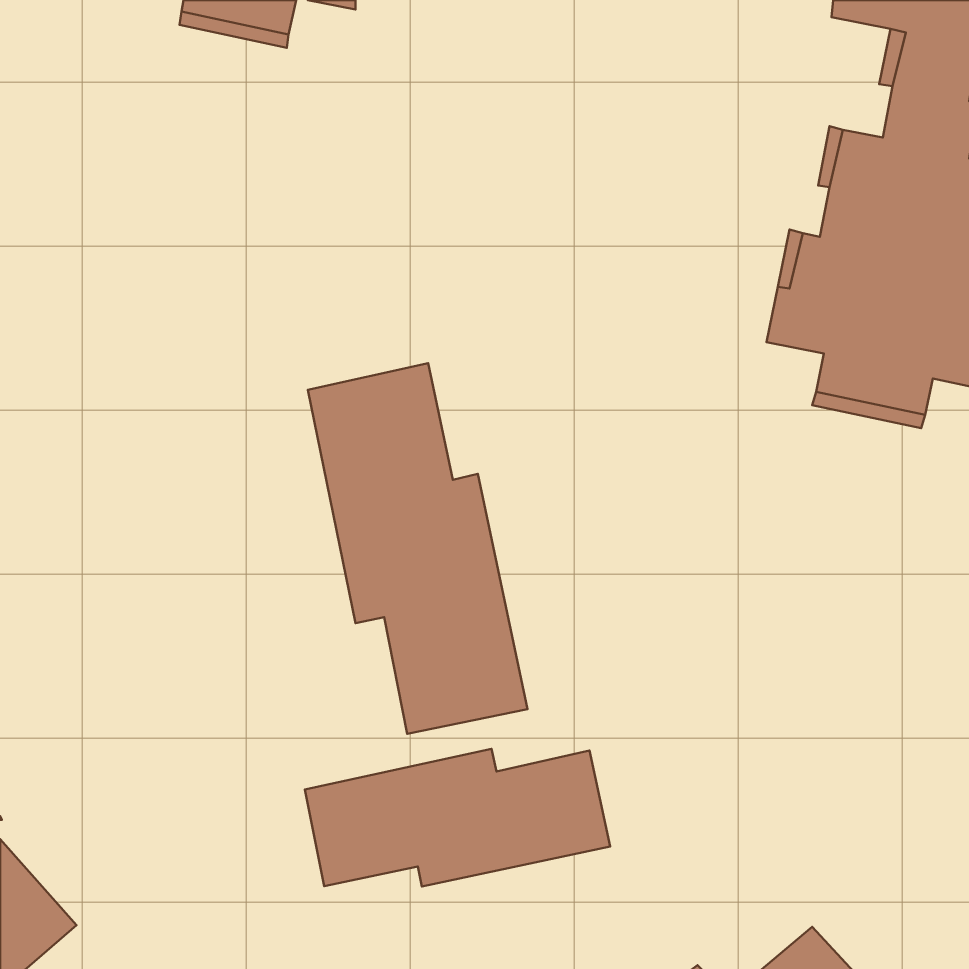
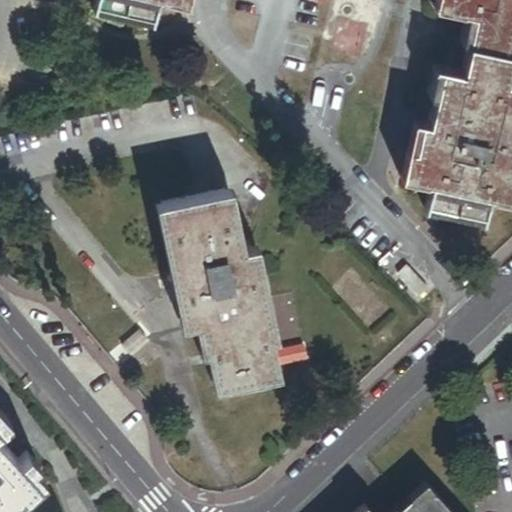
building: [305,749,610,887] -> none

